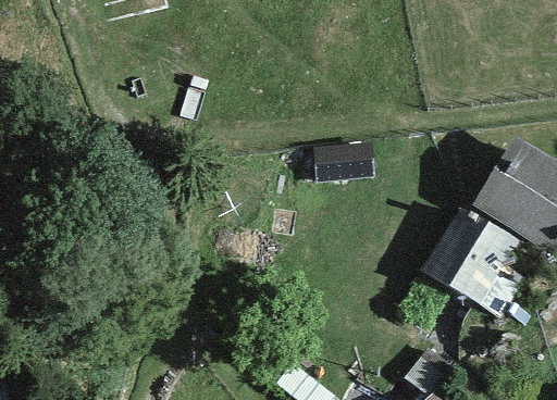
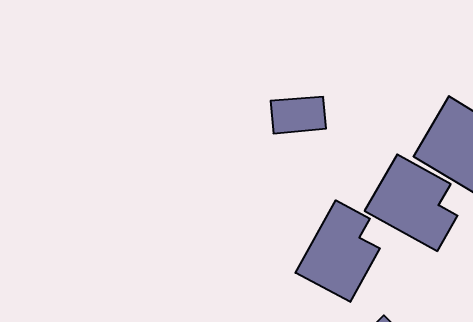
building: none -> [295,200,380,302]

